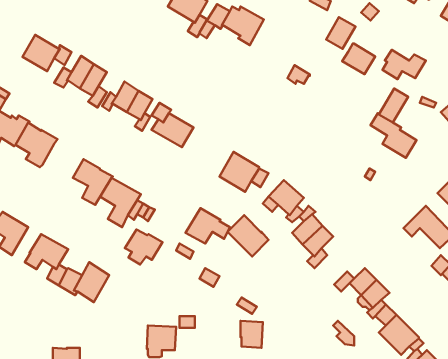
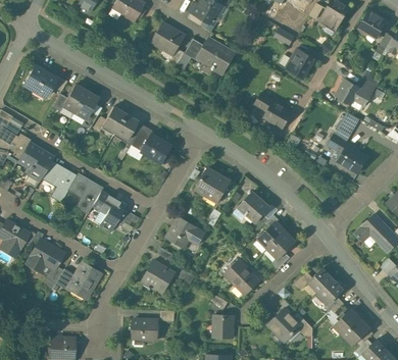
building: [342,44,375,74] -> [263,101,292,127]
building: none -> [41,160,76,202]
building: [228,215,269,256] -> [223,259,259,295]
building: [125,229,162,265] -> [143,260,176,291]
building: none -> [268,308,300,339]

